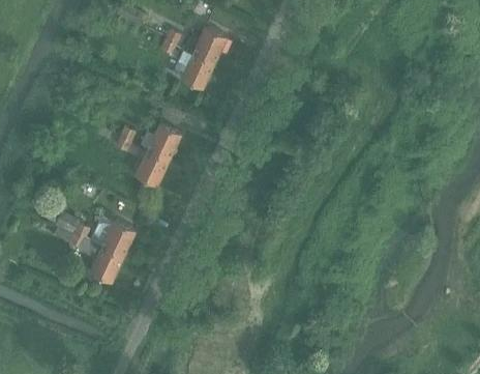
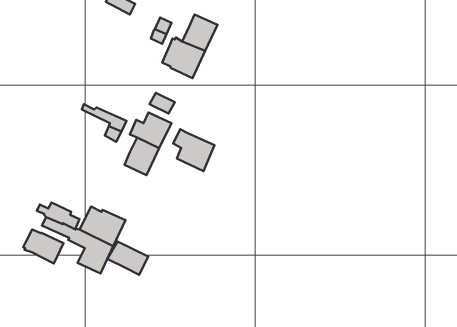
building: none -> [173,129,214,171]
building: none -> [23,229,64,264]
building: none -> [107,242,148,275]

